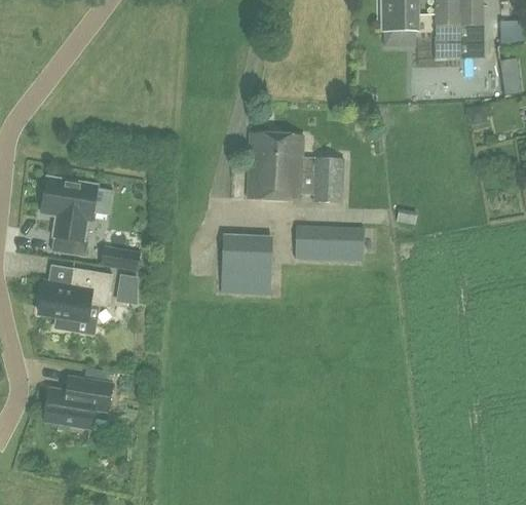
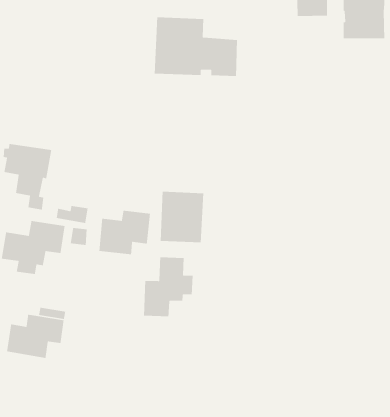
building: [247,131,344,201] -> [154,17,238,77]
building: [295,225,365,261] -> none
building: none -> [99,210,151,255]
building: none -> [143,257,194,317]

